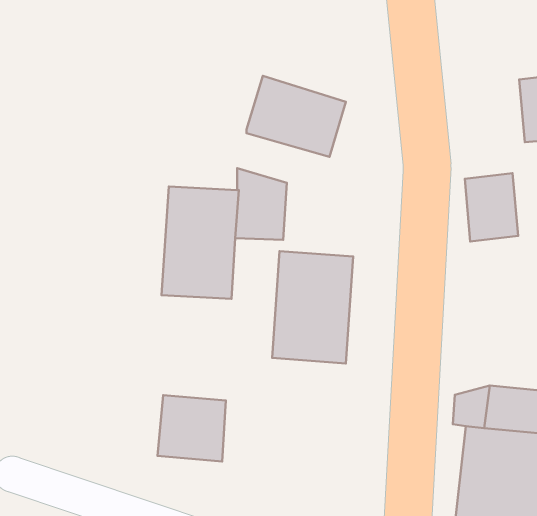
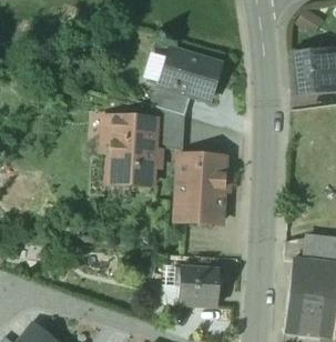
building: none -> [151,80,192,113]
building: [465,173,518,241] -> [296,51,328,92]
building: [158,395,226,461] -> [179,266,220,306]

